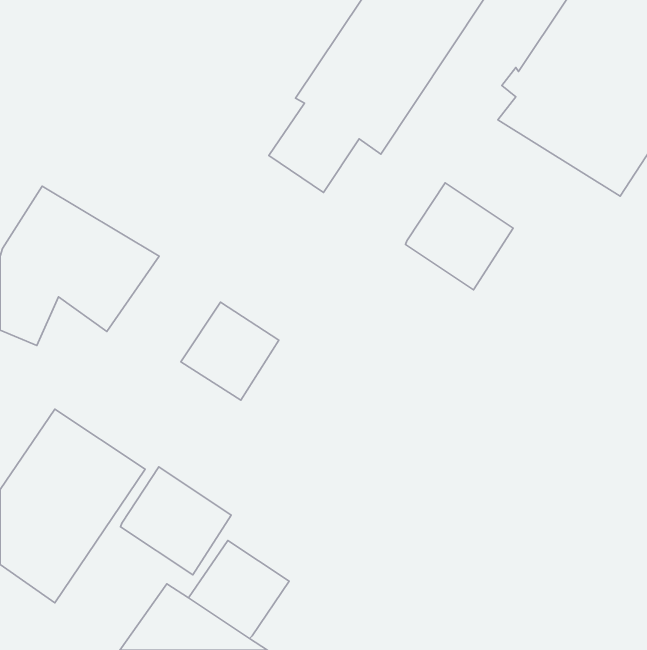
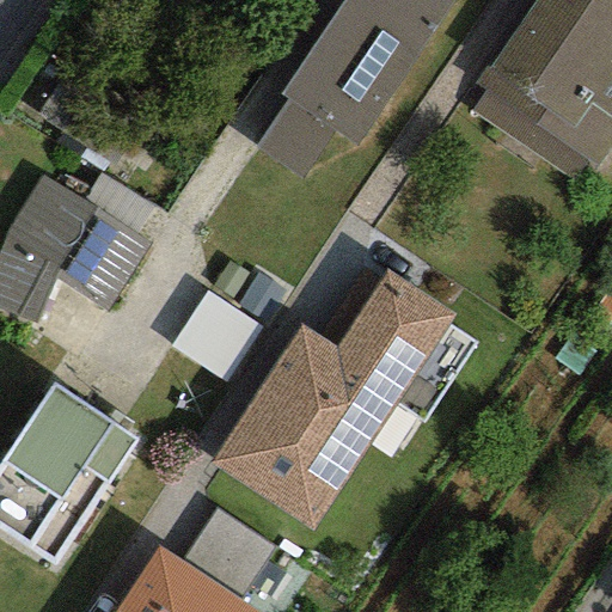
building: [405,183,513,290] -> none
building: none -> [212,269,458,531]
building: [120,467,231,575] -> none

